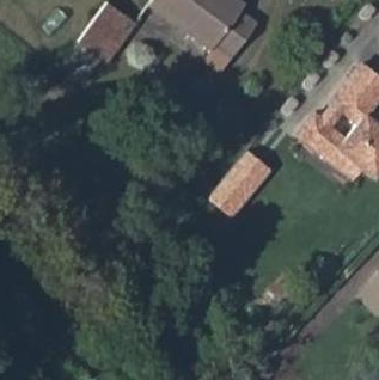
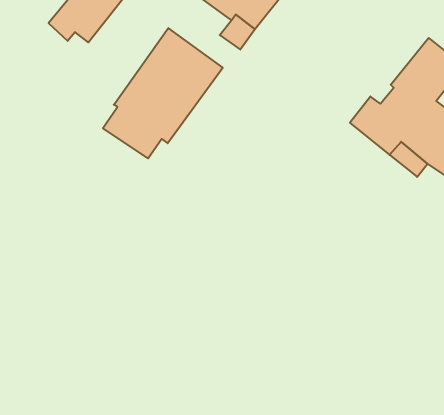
building: none -> [103,28,223,158]
building: [218,151,281,217] -> none

